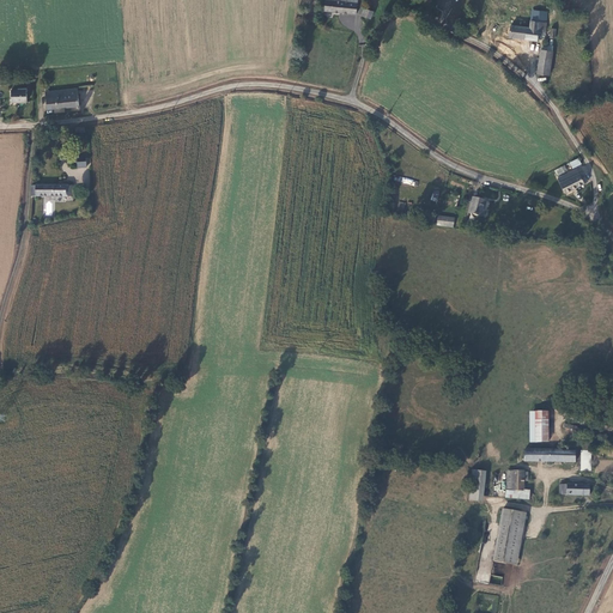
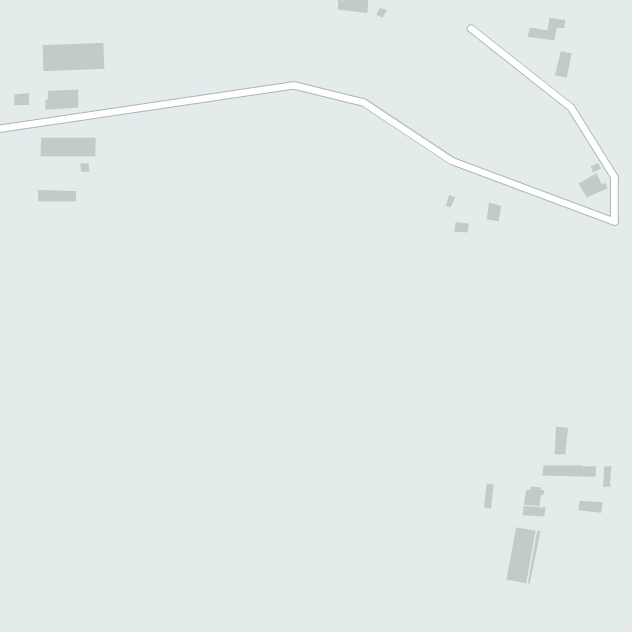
building: none -> [42,42,105,72]
building: none -> [40,137,96,157]

